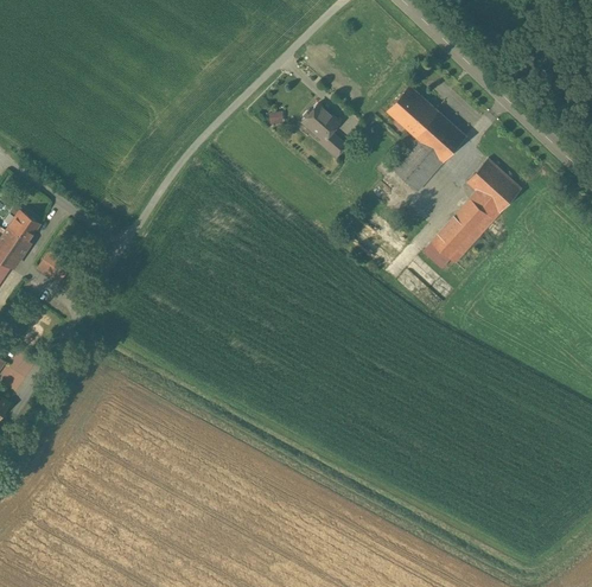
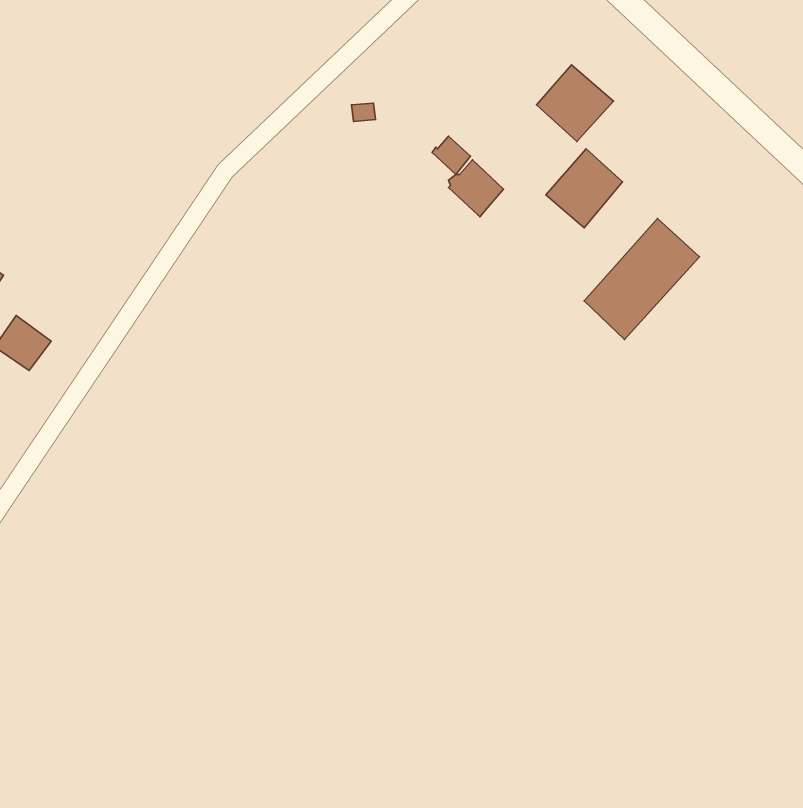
building: [304,106,339,142] -> [449,160,504,217]
building: [414,111,467,165] -> none
building: [458,157,516,212] -> none

